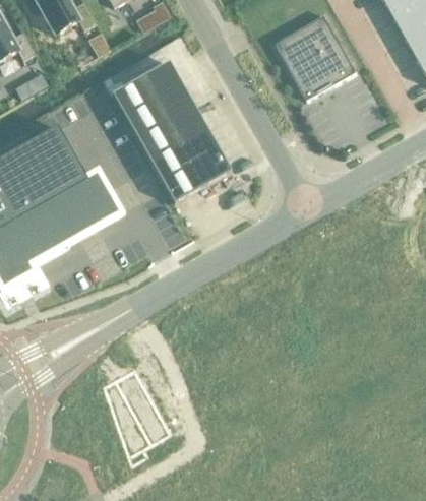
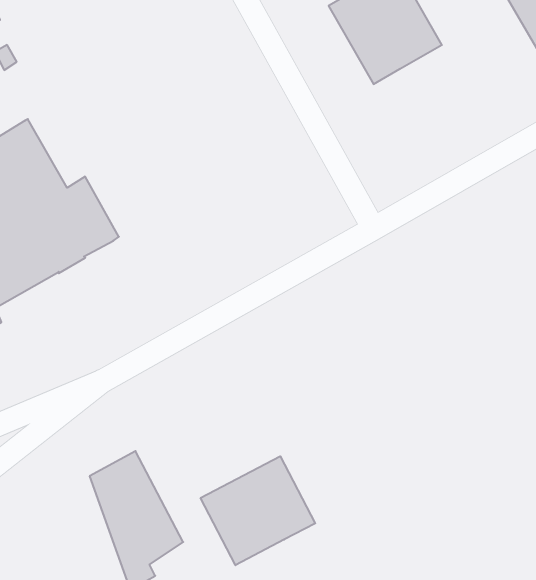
building: [111,61,230,202] -> none
building: none -> [201,456,315,565]

